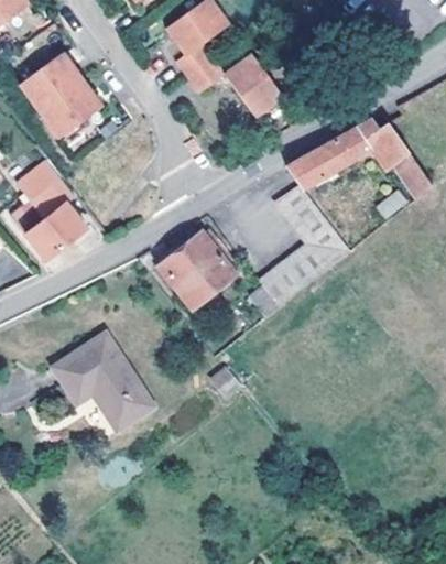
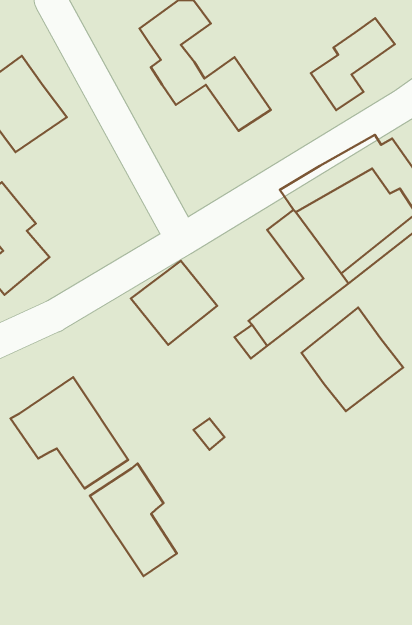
building: none -> [311,18,395,110]
building: none -> [302,308,403,411]
building: none -> [90,463,177,576]

